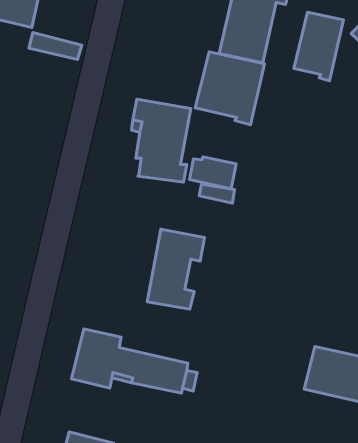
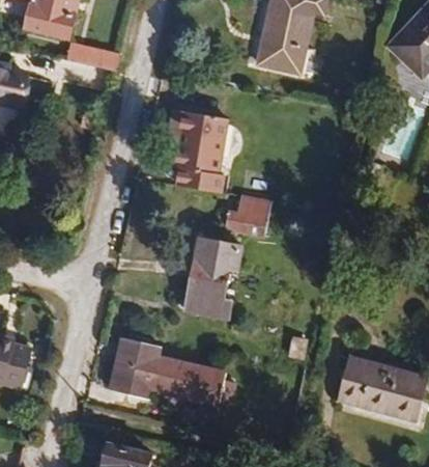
building: [294,12,344,81] -> none
building: [195,52,265,125] -> none
building: [189,157,236,189] -> [223,207,269,239]

